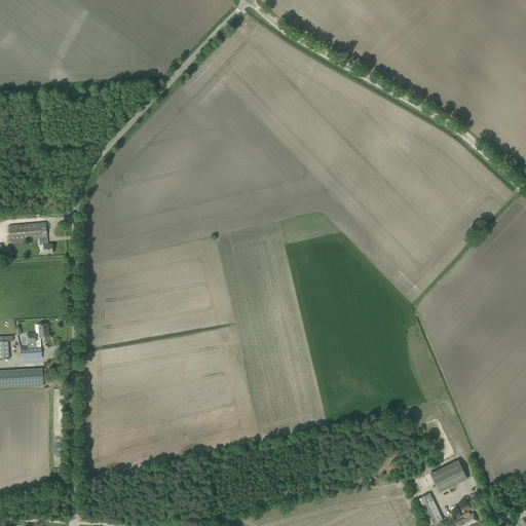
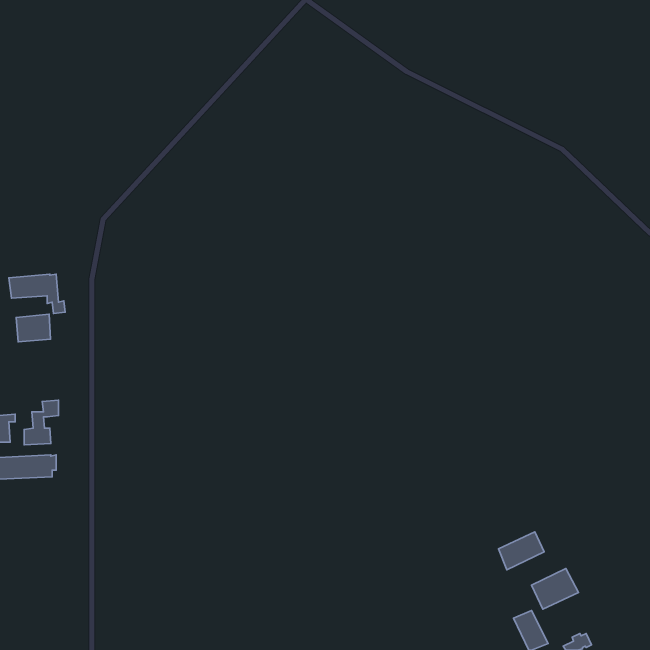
building: none -> [16,314,50,342]
building: none -> [498,532,544,570]

